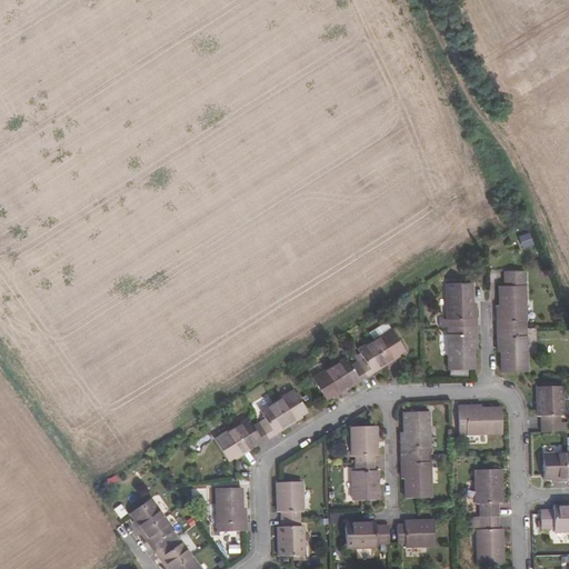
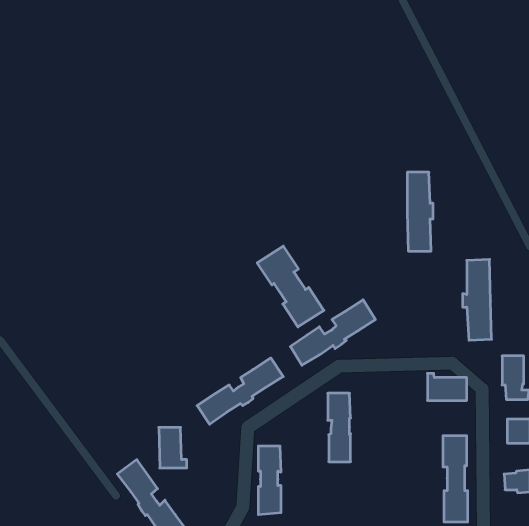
building: none -> [257,246,324,327]
building: [449,282,477,367] -> [407,172,433,251]
building: [402,412,431,497] -> none
building: [214,488,244,531] -> [159,427,187,468]
building: [398,522,435,547] -> none
building: [346,523,390,548] -> none

